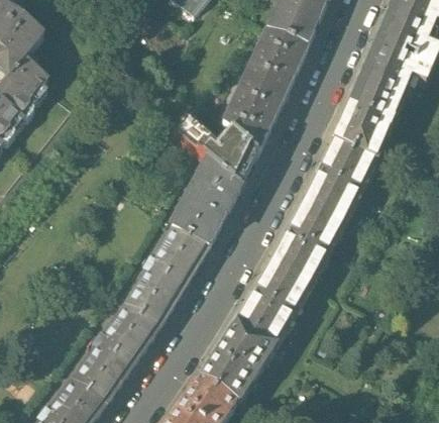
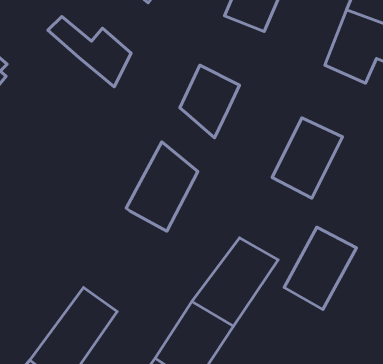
building: [241,27,307,98] -> none
building: [345,78,410,150] -> none
building: [172,114,256,186] -> [48,16,131,87]
building: [282,192,355,276] -> [284,227,357,309]
building: [123,226,208,328] -> none

